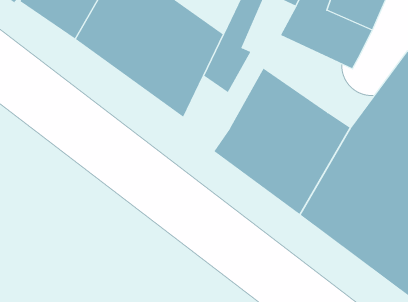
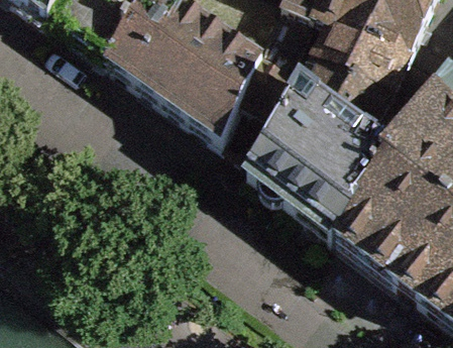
building: none -> [299,55,389,134]

